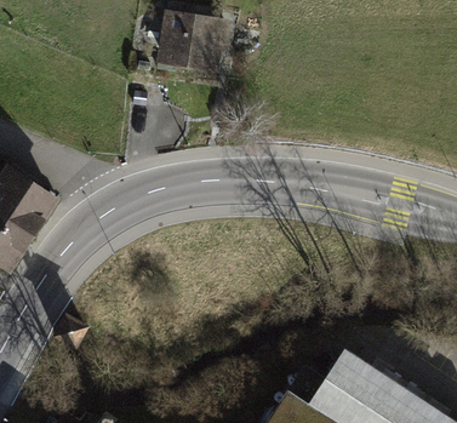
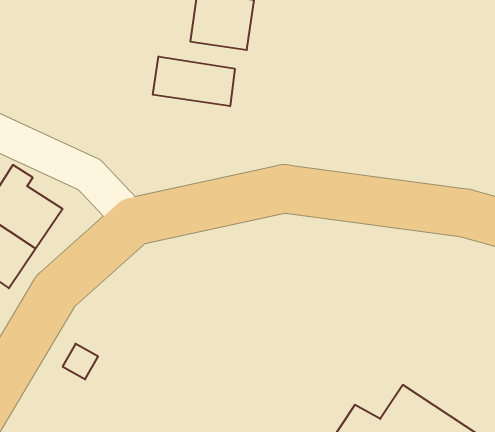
building: none -> [153,56,235,106]

